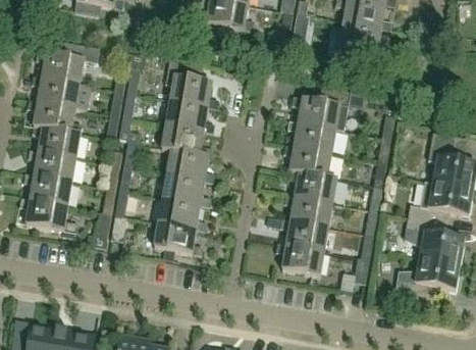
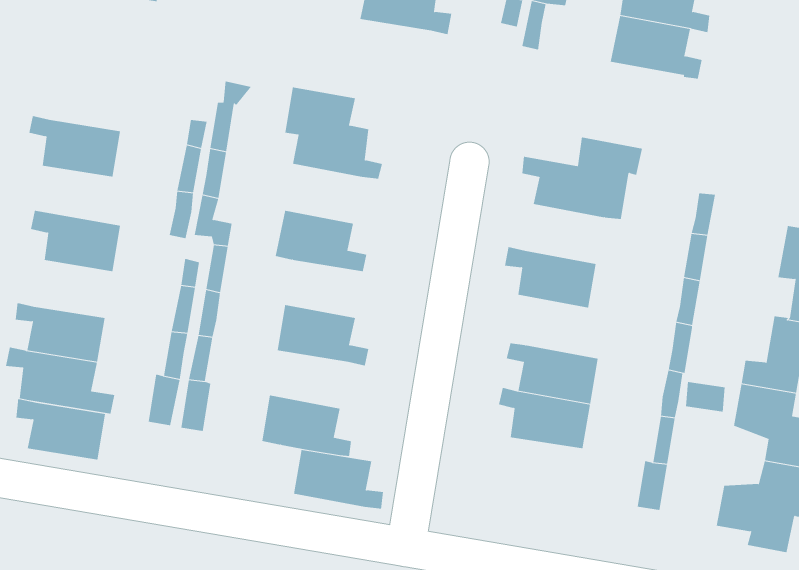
building: [35,41,100,84] -> none
building: [27,100,83,135] -> none
building: [166,101,214,134] -> none
building: [287,121,335,154] -> none
building: [28,150,75,183] -> [15,399,106,460]
building: [166,152,215,184] -> none
building: [287,170,336,204] -> none
building: [158,200,206,232] -> [293,450,384,509]
building: [275,244,324,277] -> none

